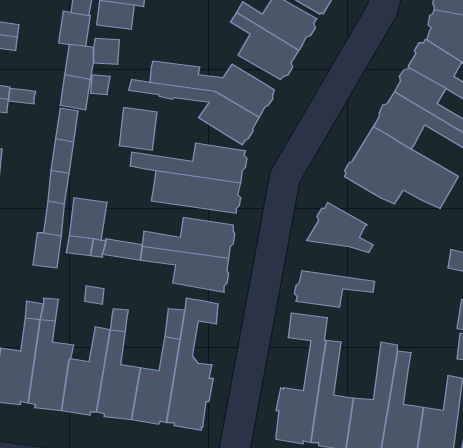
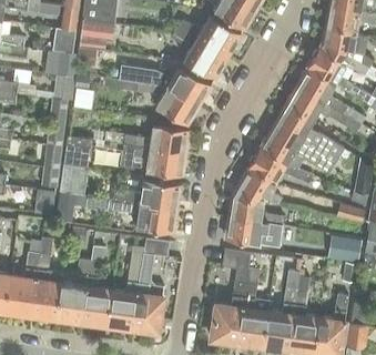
building: [119,108,157,150] -> [63,138,91,169]
building: none -> [247,149,313,185]
building: none -> [228,196,284,226]

